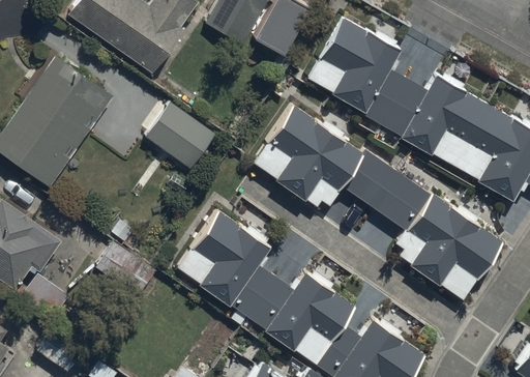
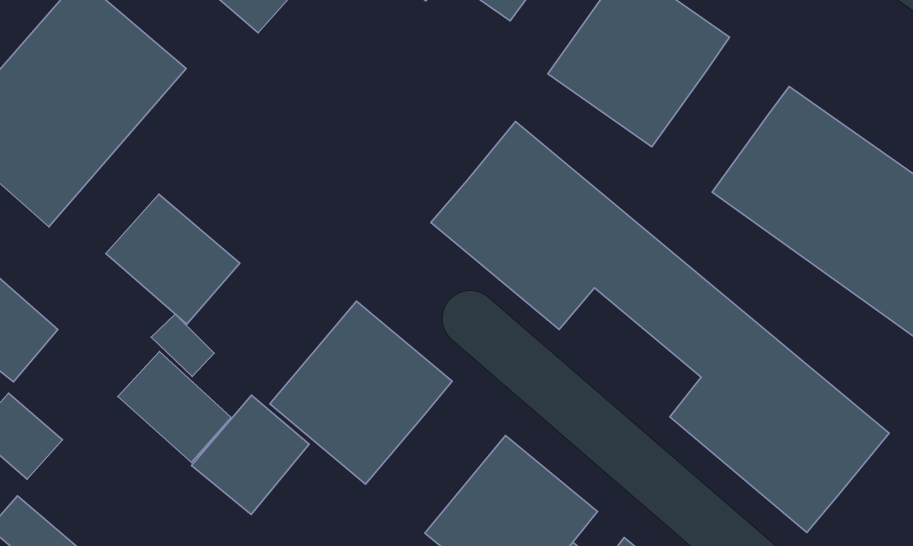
building: [365,68,425,133] -> none
building: [144,103,215,170] -> [106,194,240,324]
building: [232,265,293,328] -> [191,395,309,515]

